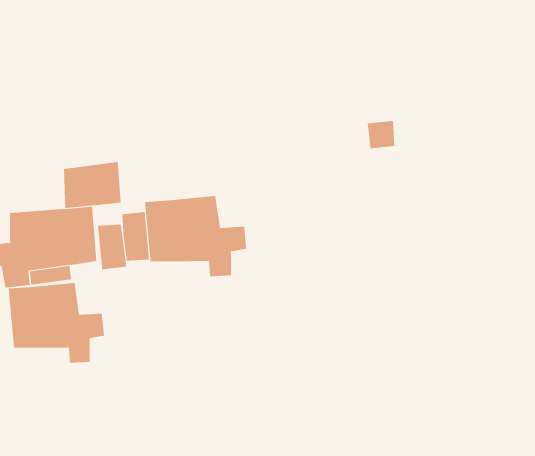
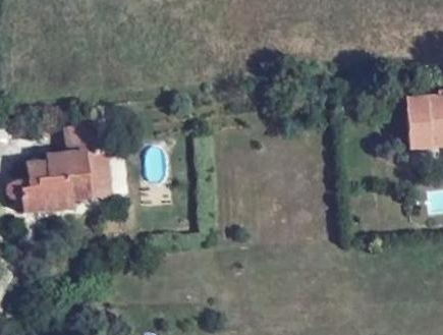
building: [145,195,247,277] -> none
building: [8,282,105,364] -> none

